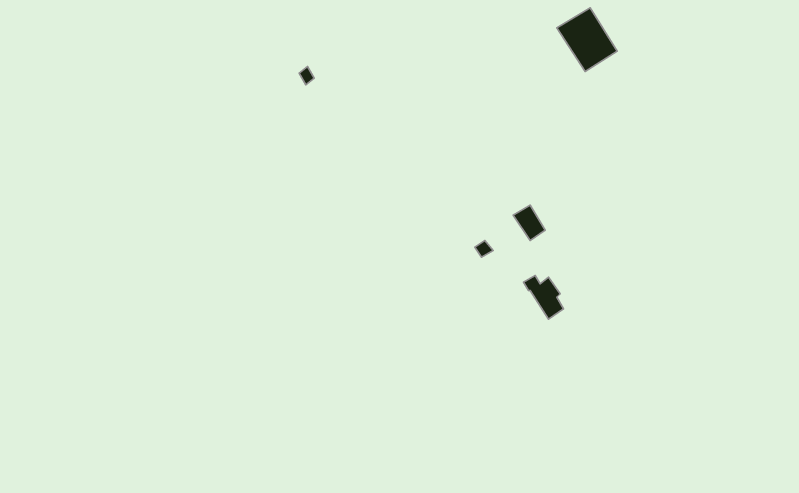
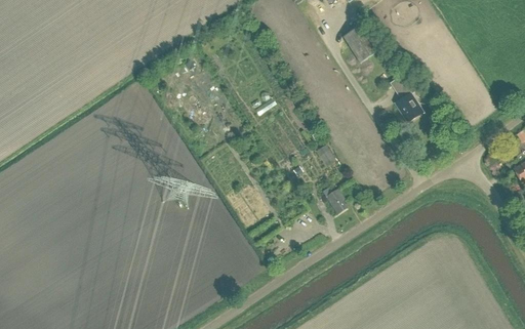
building: none -> [395,82,422,122]

